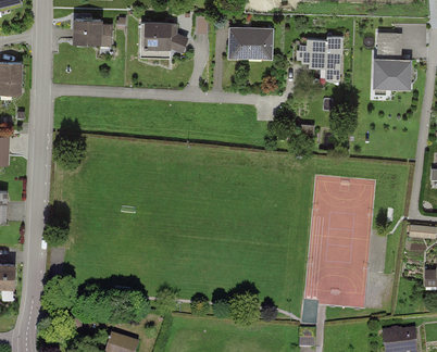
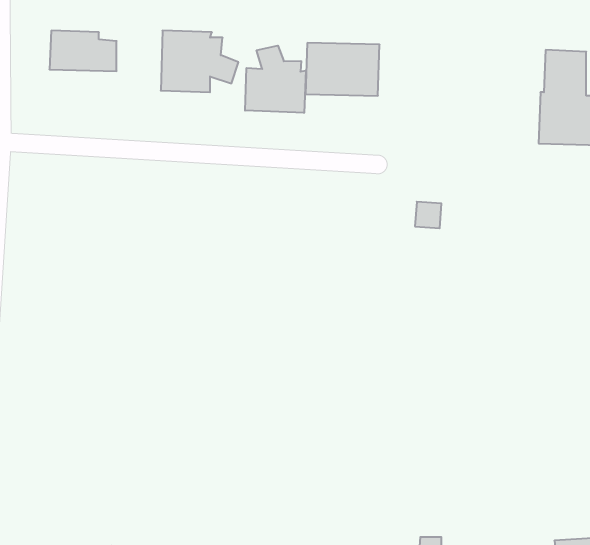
building: none -> [245,46,306,113]
building: [298,37,344,81] -> none

